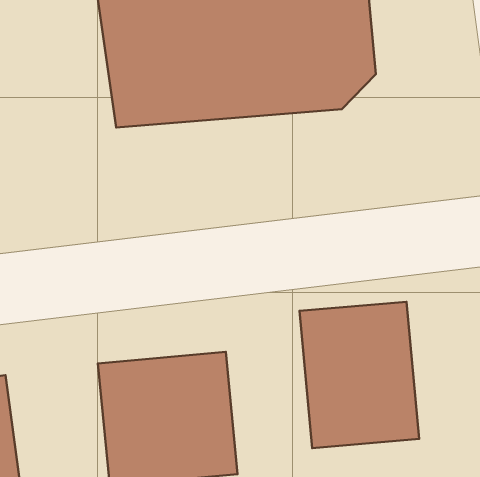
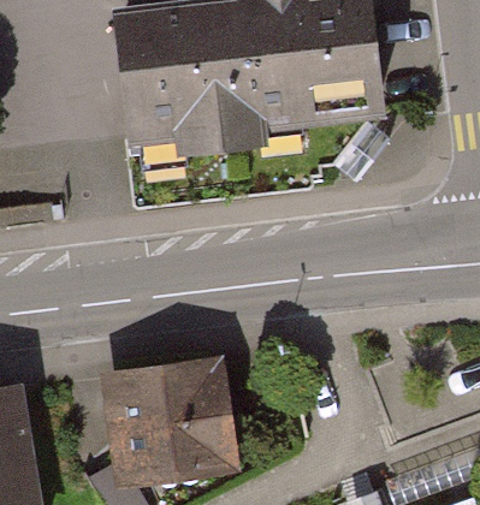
building: [299,302,419,448] -> none

